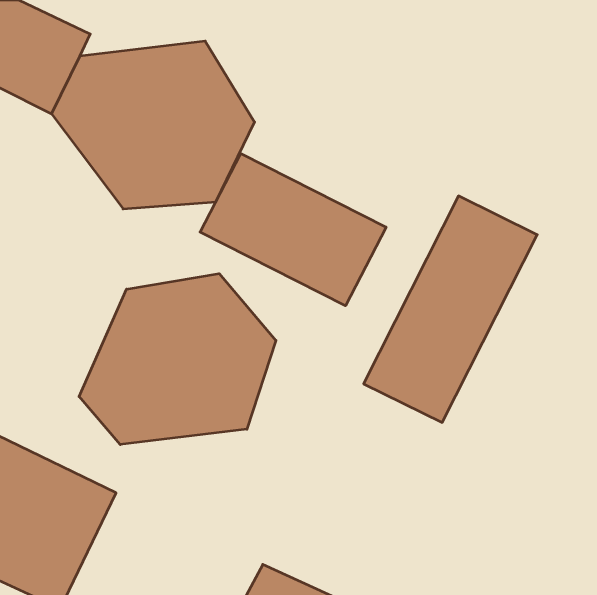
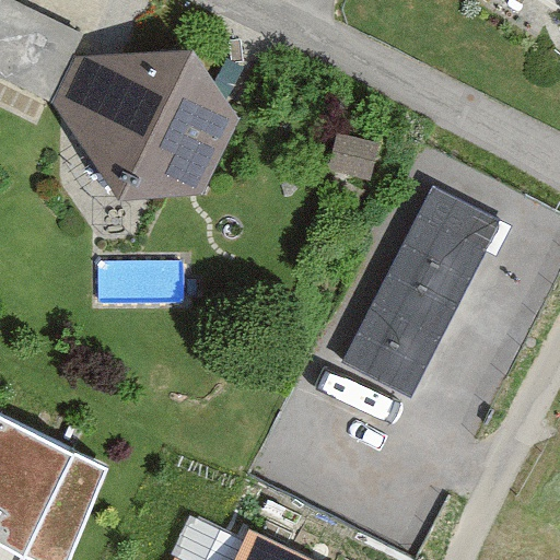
building: [200,154,386,306] -> none
building: [79,274,276,445] -> none

